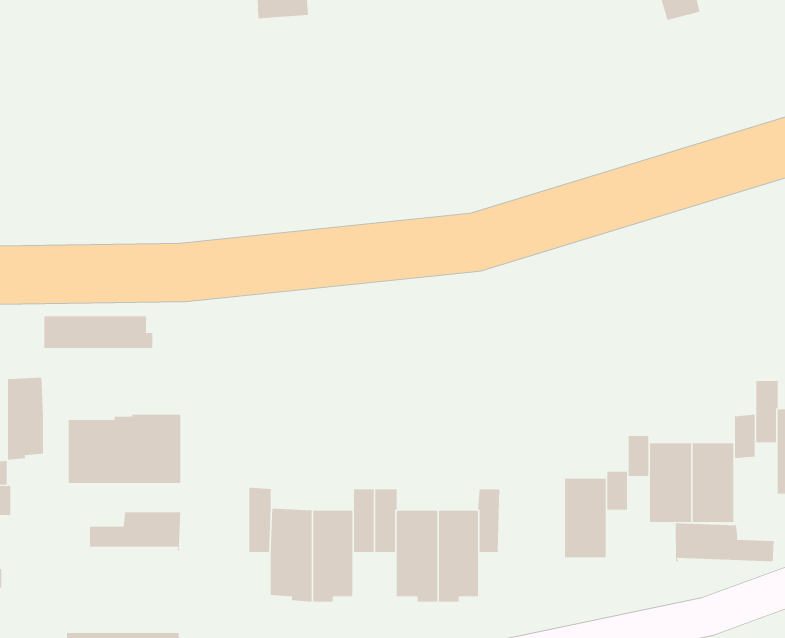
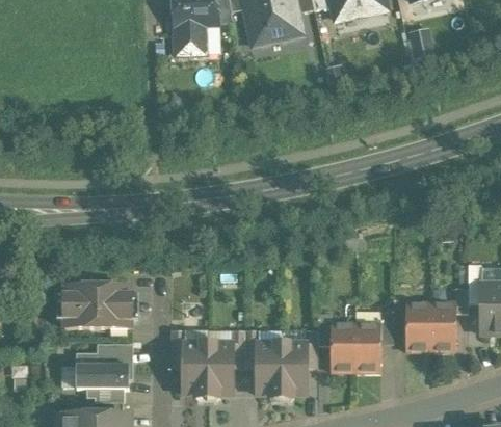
building: [44,316,153,349] -> none
building: [8,377,43,460] -> none
building: none -> [331,324,355,371]
building: [675,522,774,562] -> none
building: none -> [77,365,129,401]

